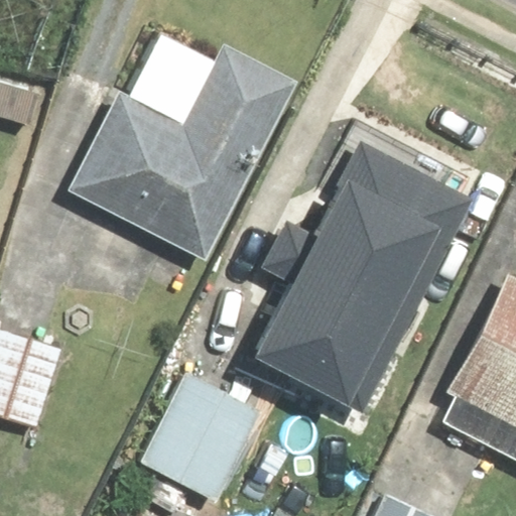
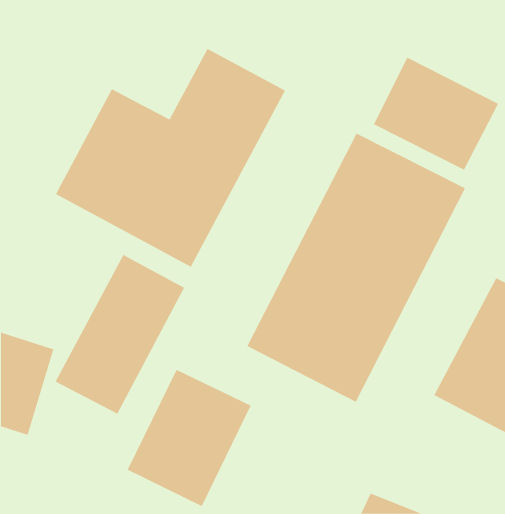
building: none -> [373,57,499,171]
building: none -> [55,254,185,415]

